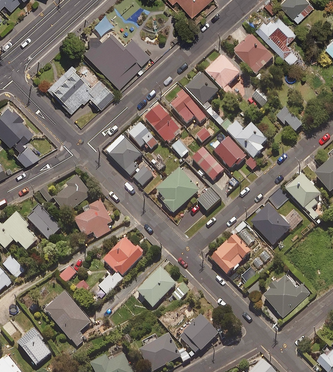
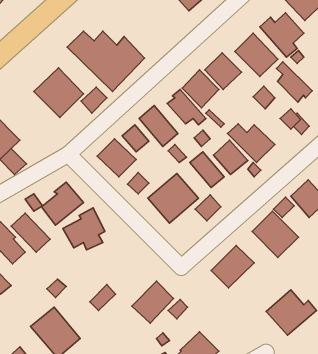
building: none -> [276,62,312,102]
building: [104,233,146,275] -> none

